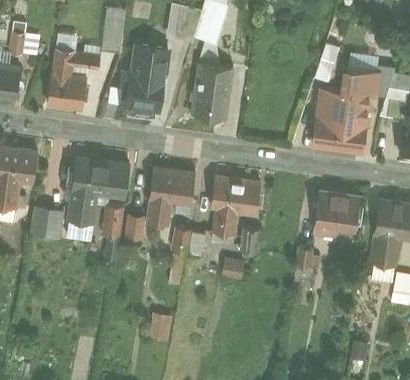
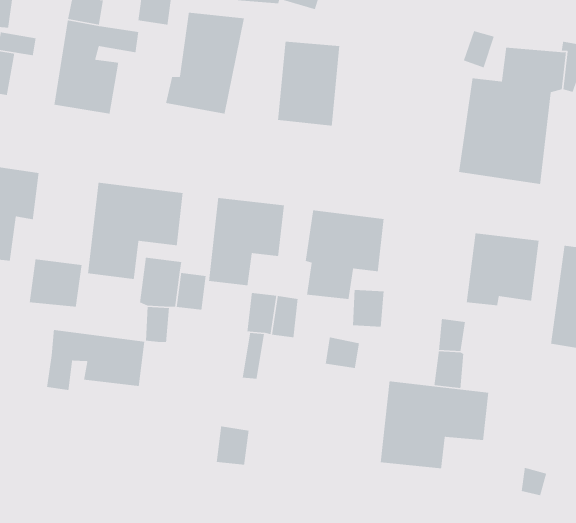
building: none -> [46,329,145,391]
building: none -> [380,381,489,469]

